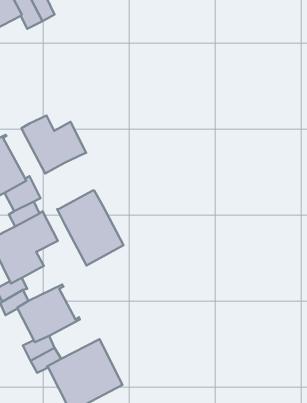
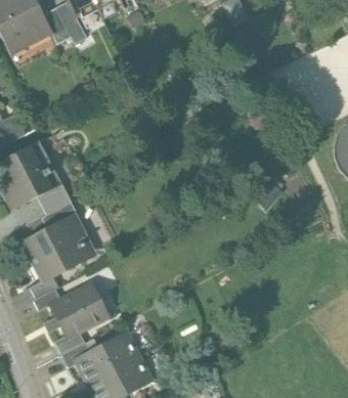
building: [21,116,86,173] -> none
building: [57,191,123,265] -> none

